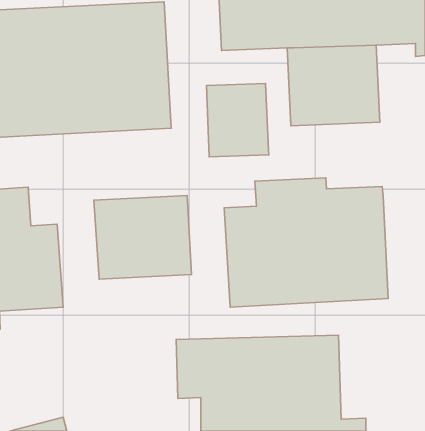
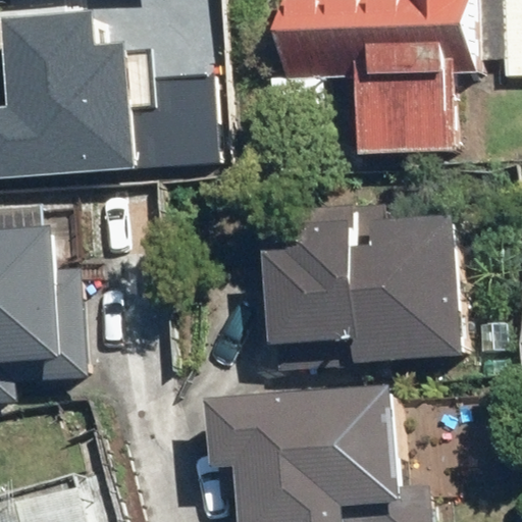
building: [206,83,269,157] -> none
building: [94,195,191,279] -> none

